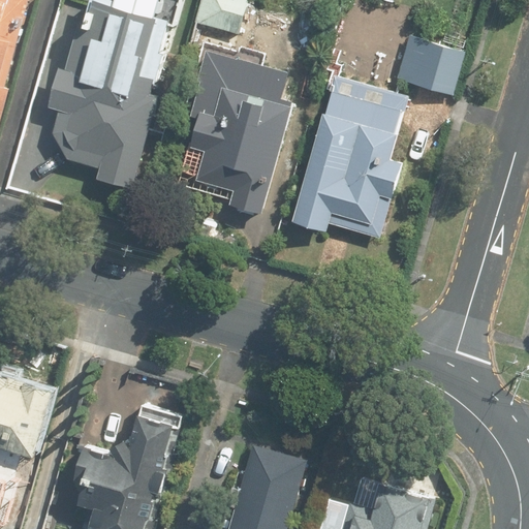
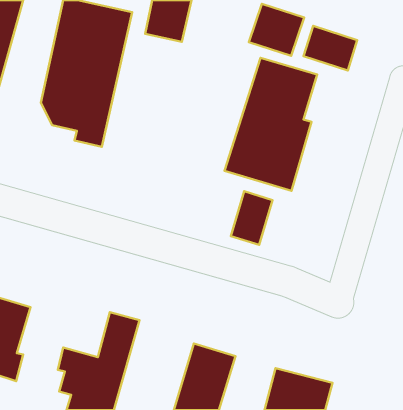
building: none -> [249,4,304,56]
building: [178,61,293,213] -> none
building: none -> [231,191,273,245]

